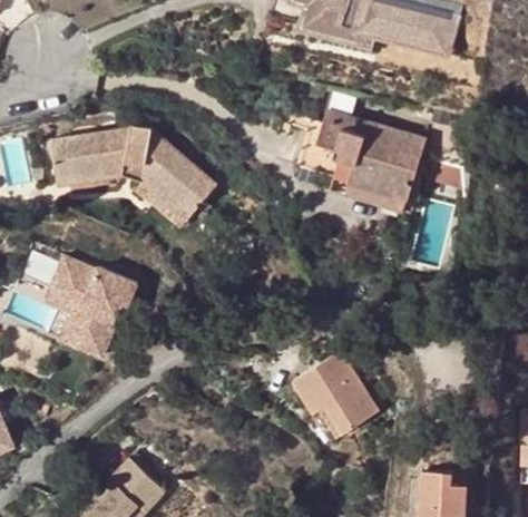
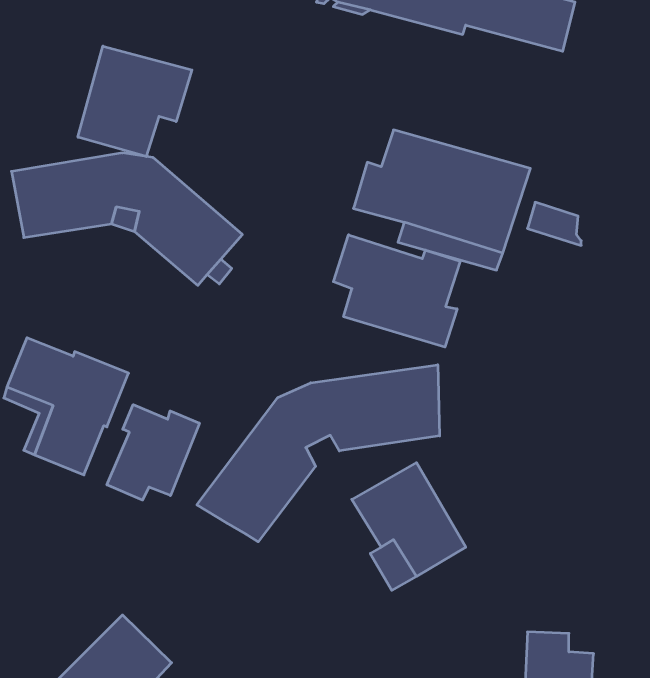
building: none -> [78,46,192,157]
building: none -> [333,235,460,347]
building: none -> [197,365,440,542]
building: none -> [107,405,199,500]

